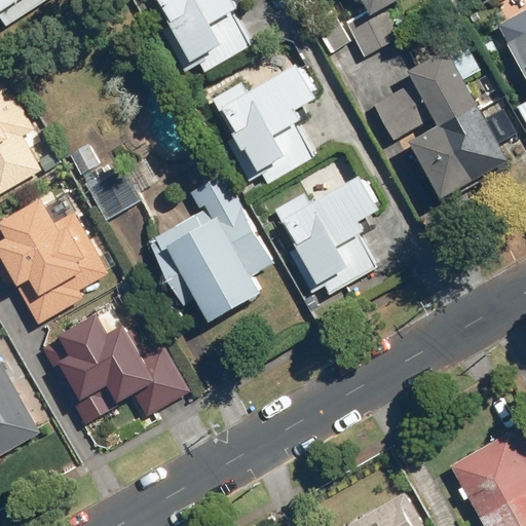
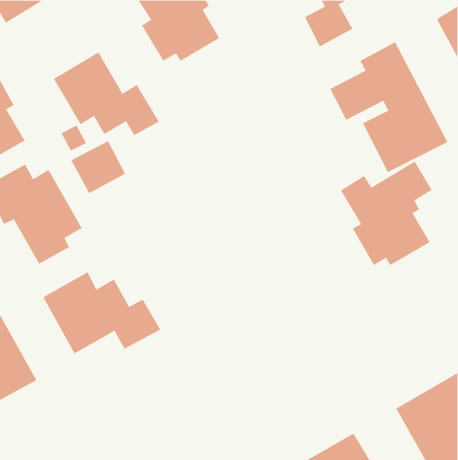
building: none -> [53,52,160,136]
building: [212,64,316,183] -> none
building: [147,174,273,322] -> none
building: [275,176,380,295] -> [340,161,432,266]

